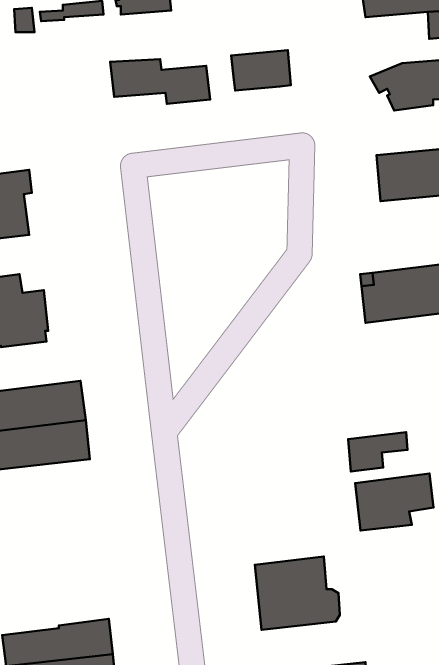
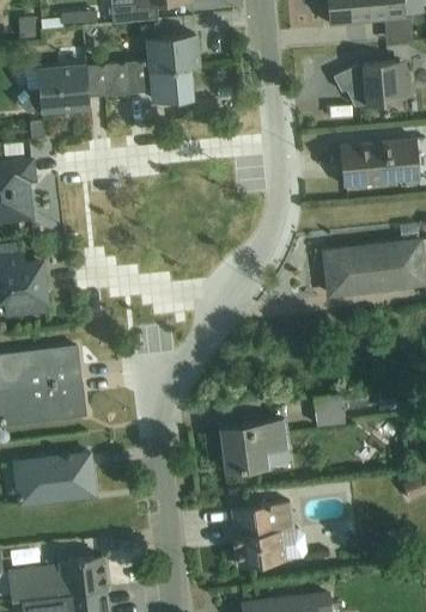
building: [231,50,291,91] -> [146,35,199,71]
building: none -> [17,63,108,111]
building: [355,474,433,530] -> [221,420,291,470]
building: none -> [13,452,96,504]

